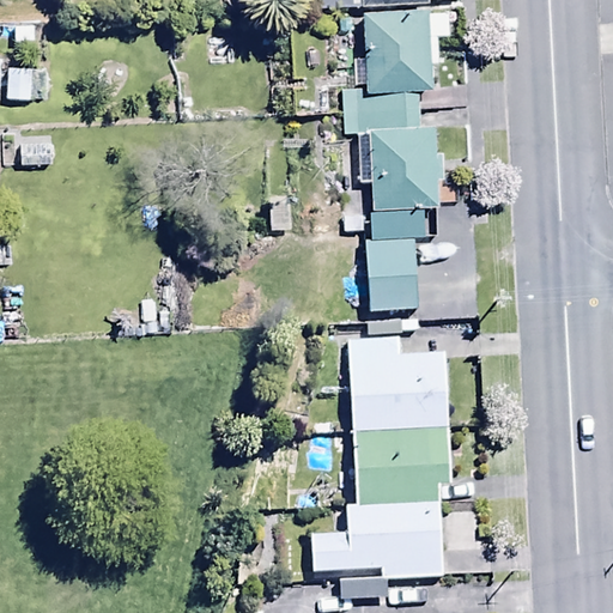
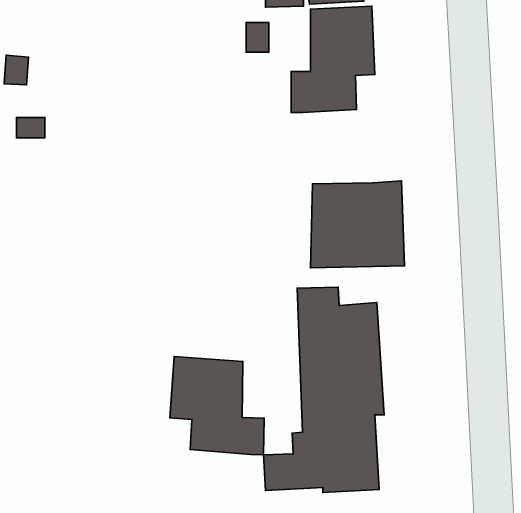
building: [356,128,438,216] -> none
building: none -> [170,356,264,455]

